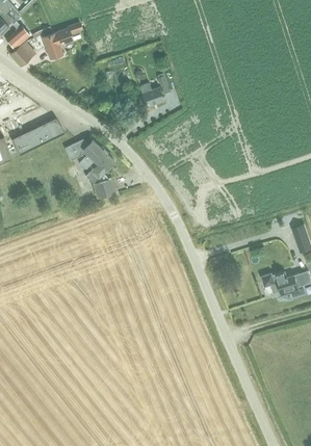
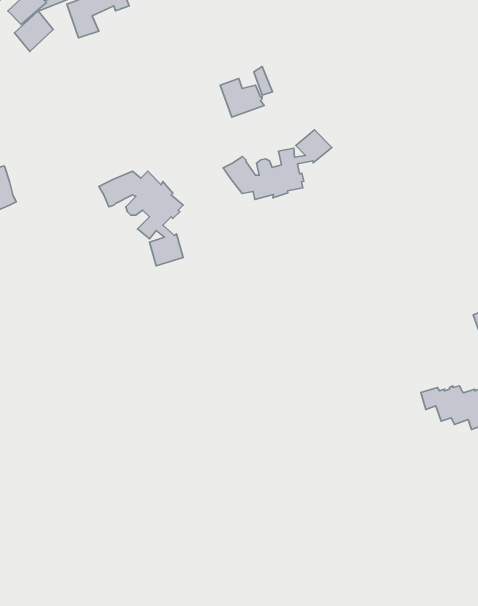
building: none -> [223,130,332,200]
building: [11,117,64,156] -> none

